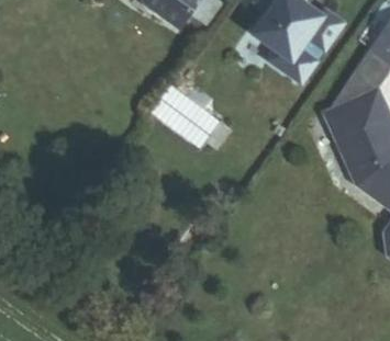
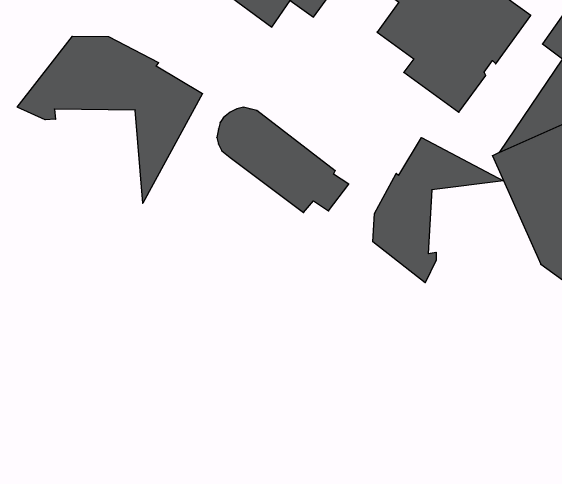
building: none -> [17,36,203,203]
building: none -> [373,138,503,283]

